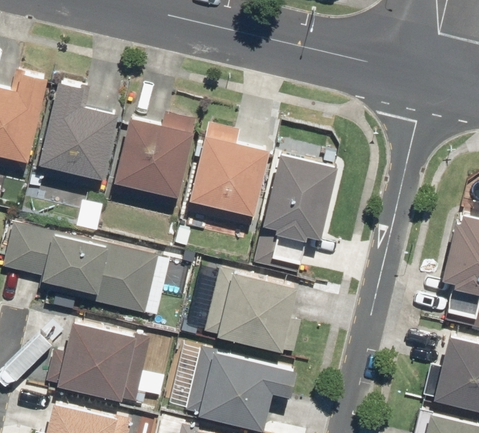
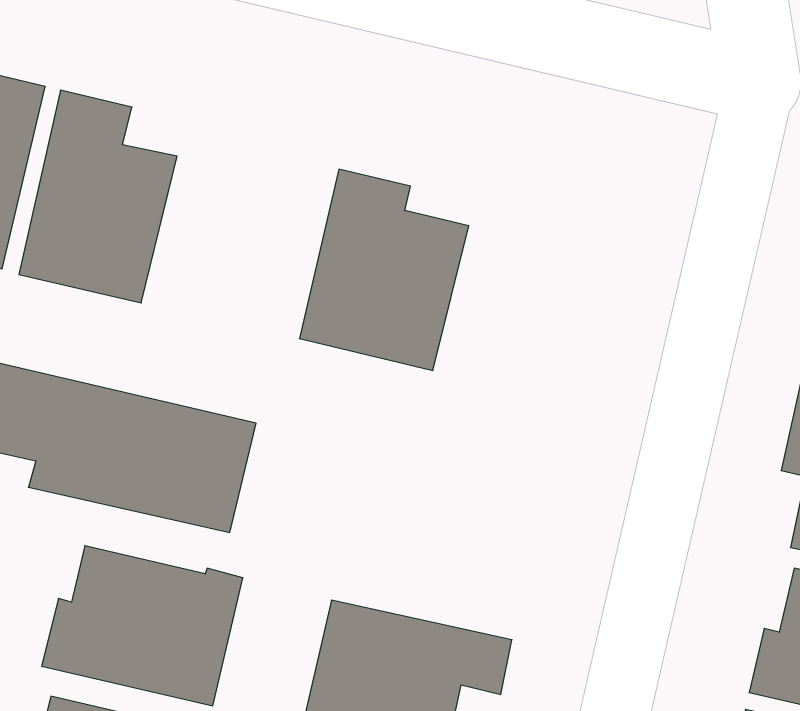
building: [110,111,200,210] -> none
building: [255,153,338,274] -> none
building: [204,268,303,356] -> none

